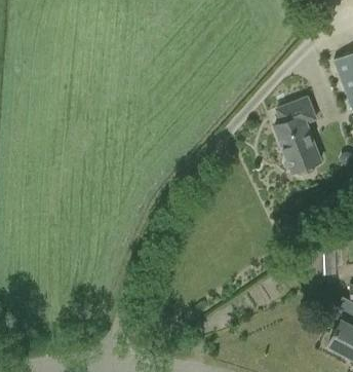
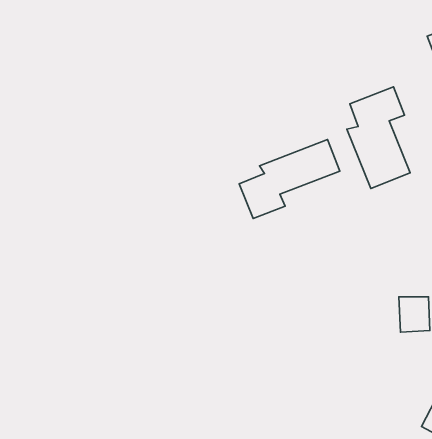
building: none -> [239,140,340,219]

